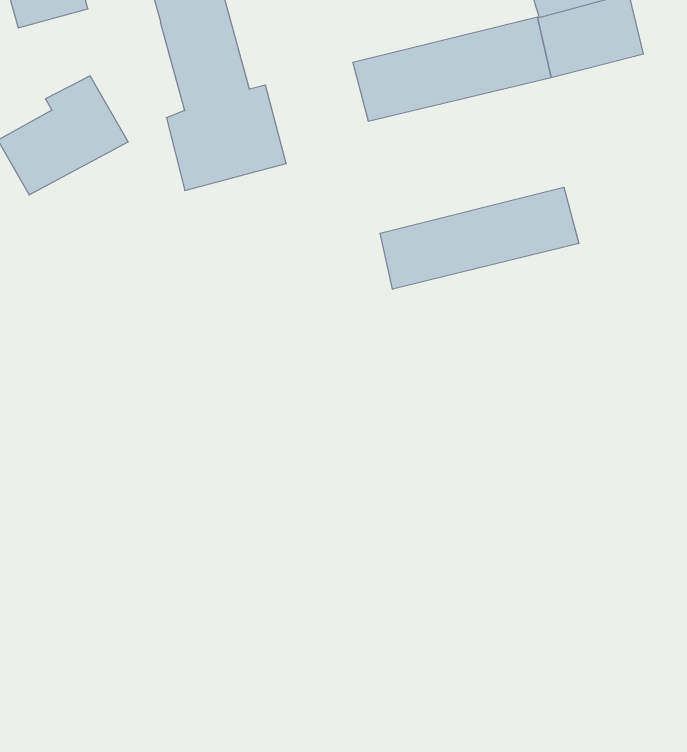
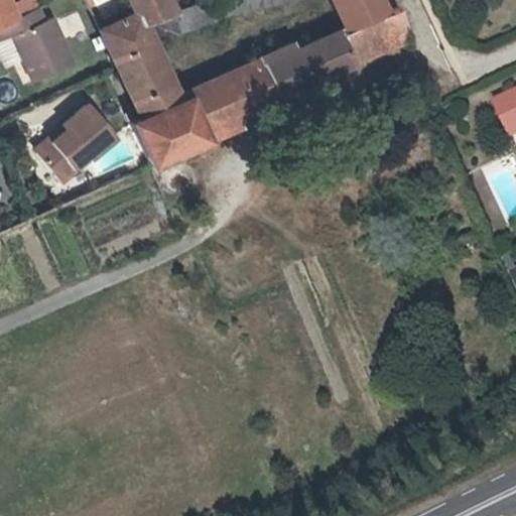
building: none -> [188,71,253,137]
building: [380,187,579,289] -> none

